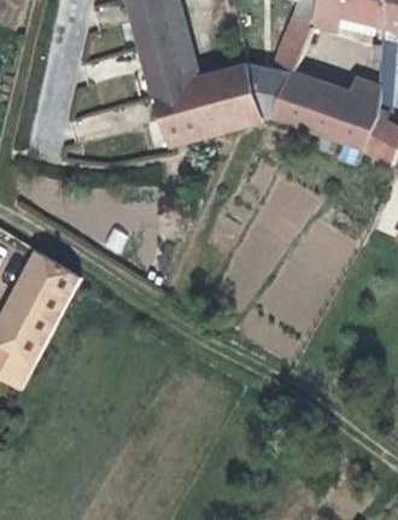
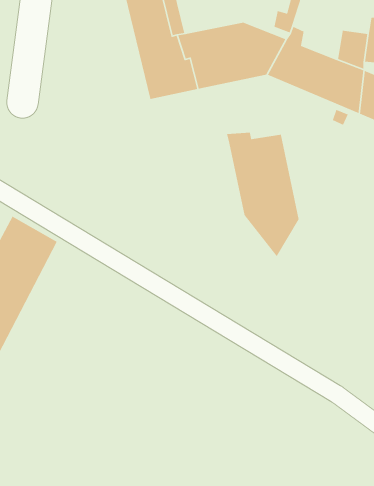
building: none -> [226,132,299,258]

